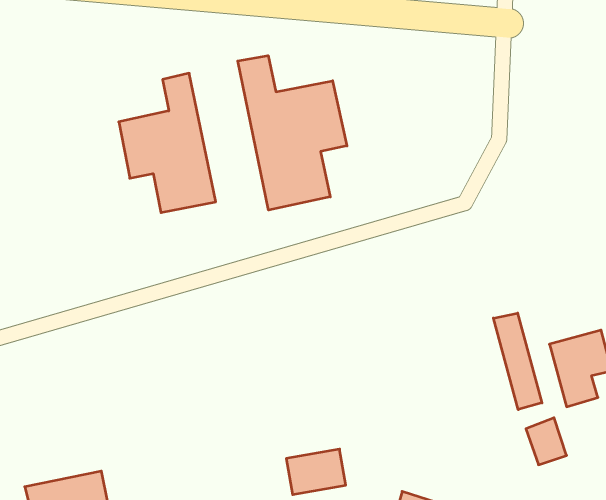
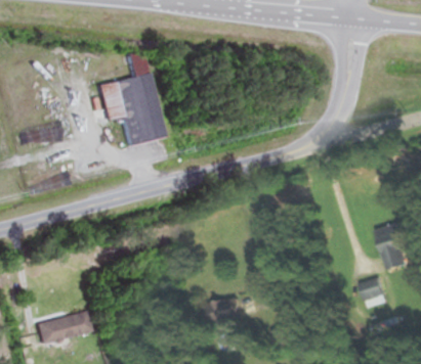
building: [238,56,347,210] -> none
building: [493,313,542,410] -> none

